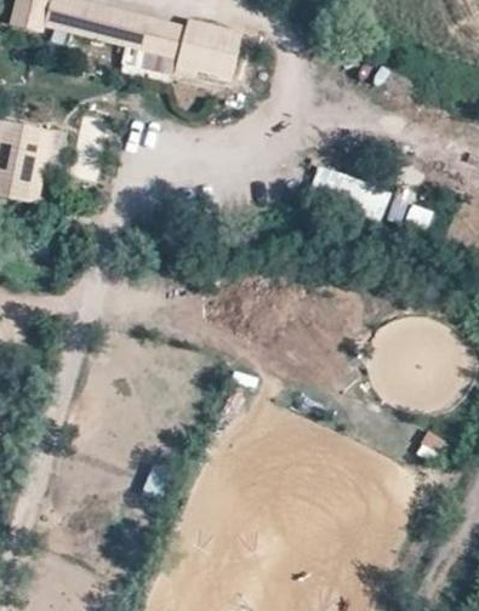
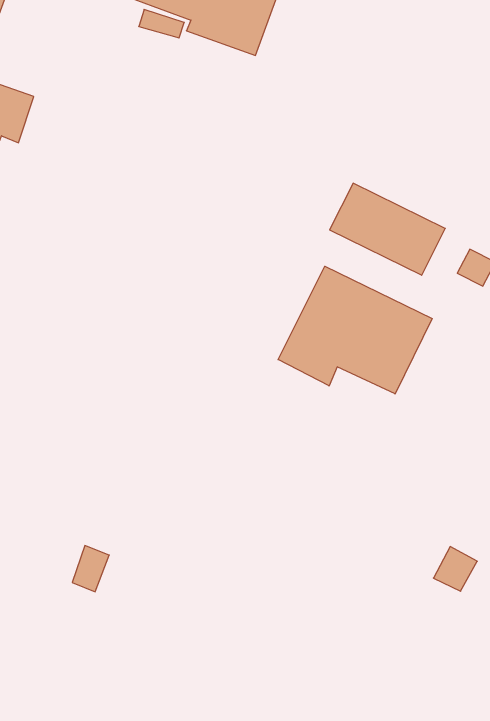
building: none -> [278,266,432,394]

